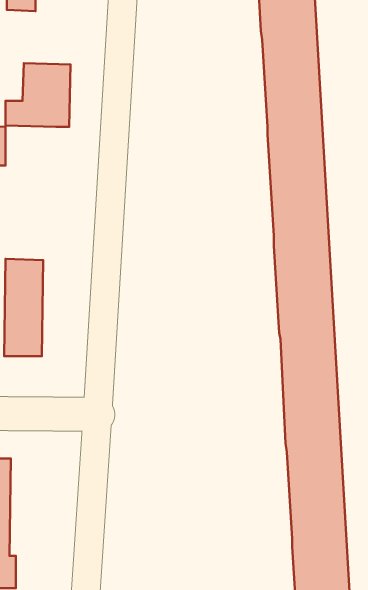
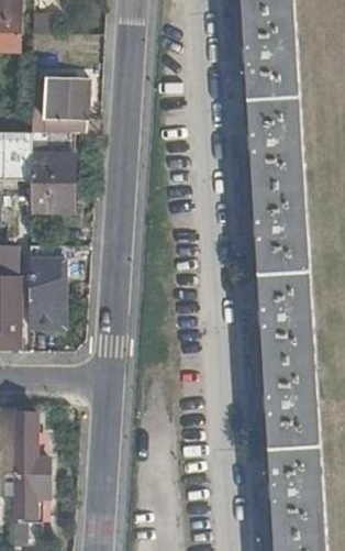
building: none -> [30,132,73,211]

